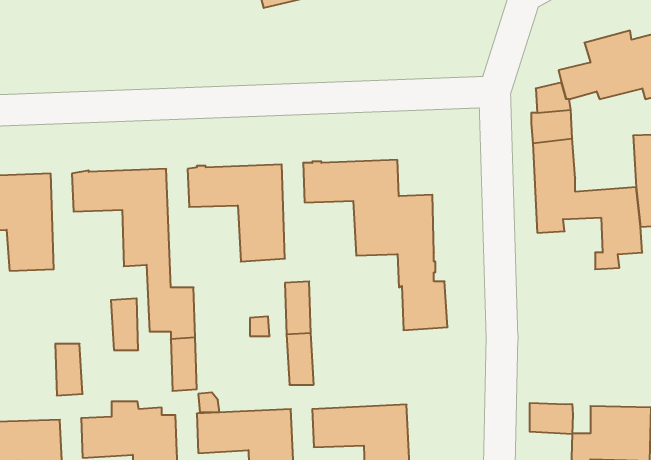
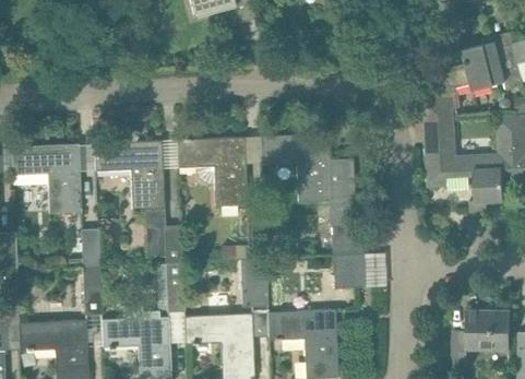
building: [111,298,138,350] -> [81,228,100,265]
building: none -> [333,253,366,288]
building: [530,403,573,434] -> none

